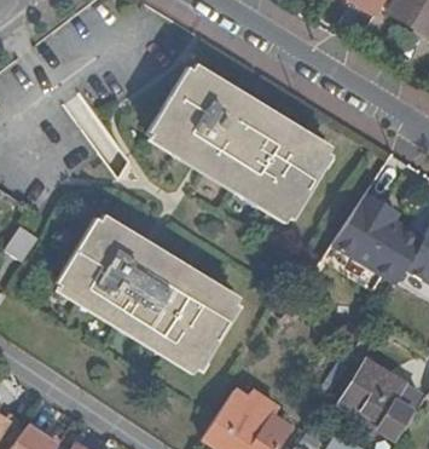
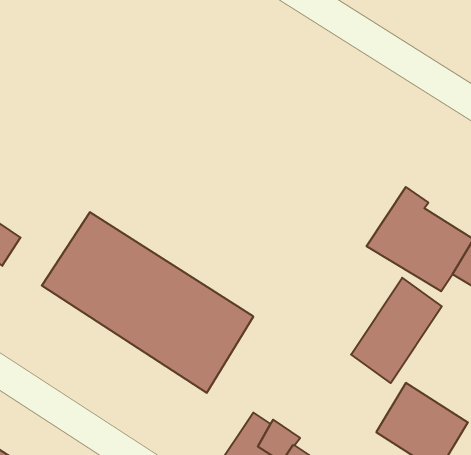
building: [147,69,329,218] -> none
building: none -> [351,278,442,383]

